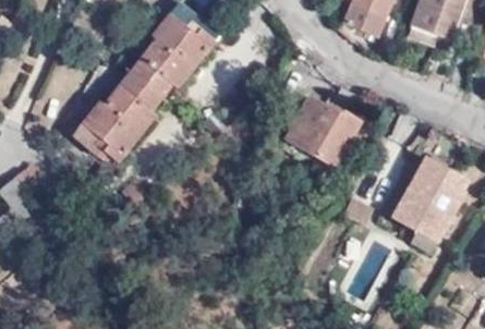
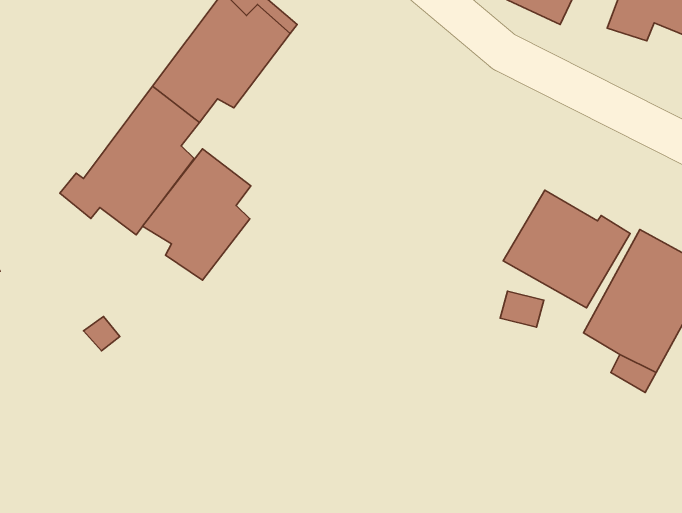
building: [281,95,357,166] -> [503,190,630,308]
building: none -> [142,149,251,280]

